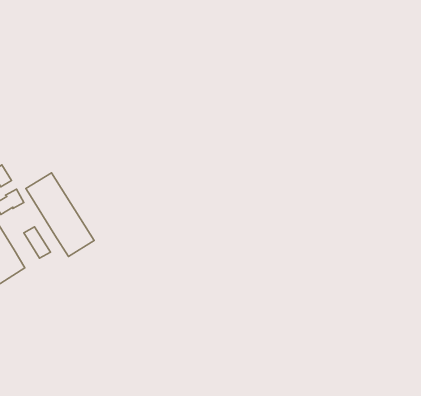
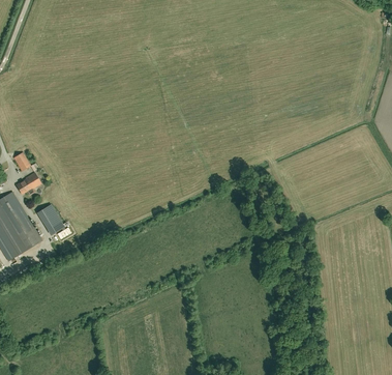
building: [26,173,94,256] -> none

